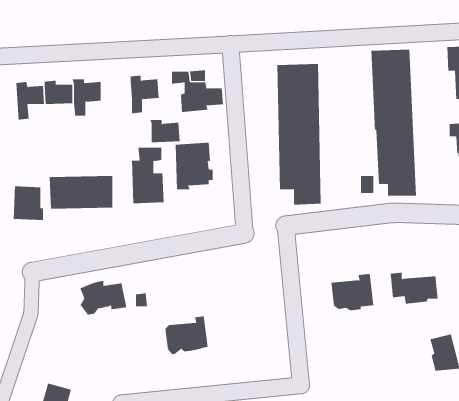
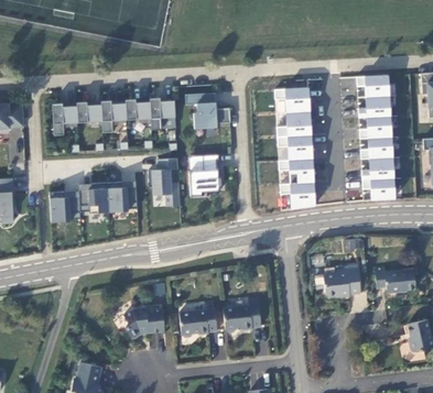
building: [149,120,180,143] -> [125,100,151,120]
building: [80,280,127,315] -> [125,307,165,337]
building: none -> [223,301,261,332]

